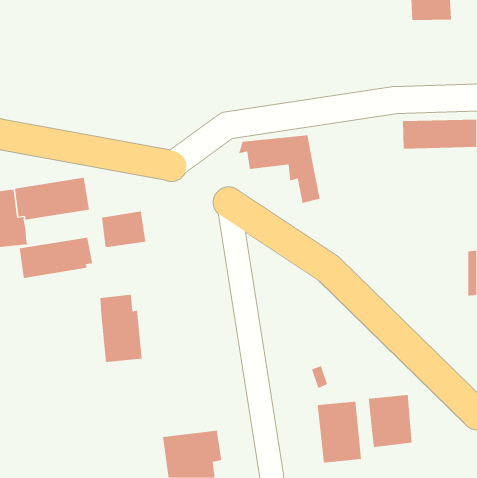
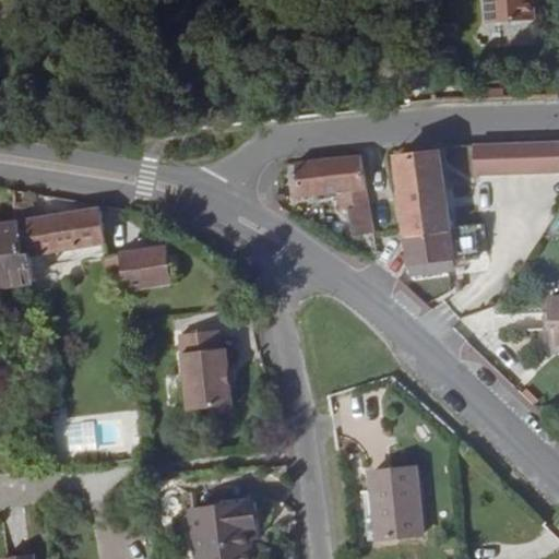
building: none -> [394,150,478,275]
building: [19,237,93,279] -> none
building: [99,294,143,362] -> [180,330,230,409]
building: [368,394,412,448] -> none

